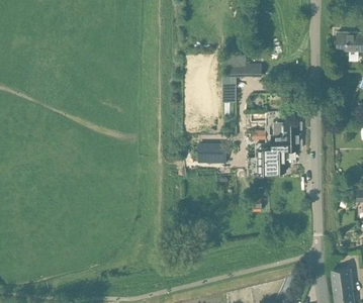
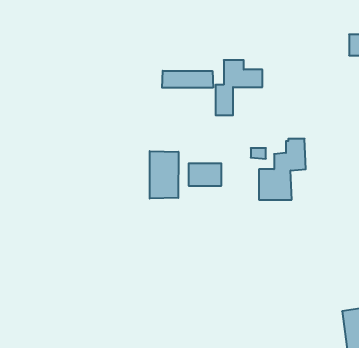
building: none -> [162,71,213,88]
building: none -> [150,151,178,199]

